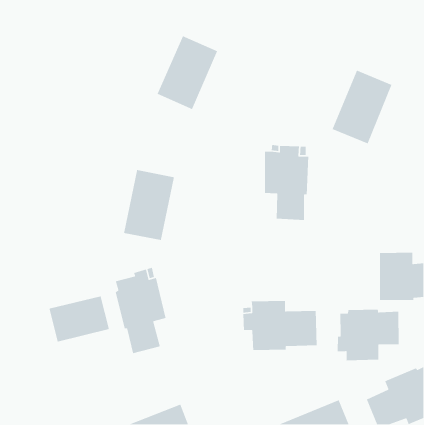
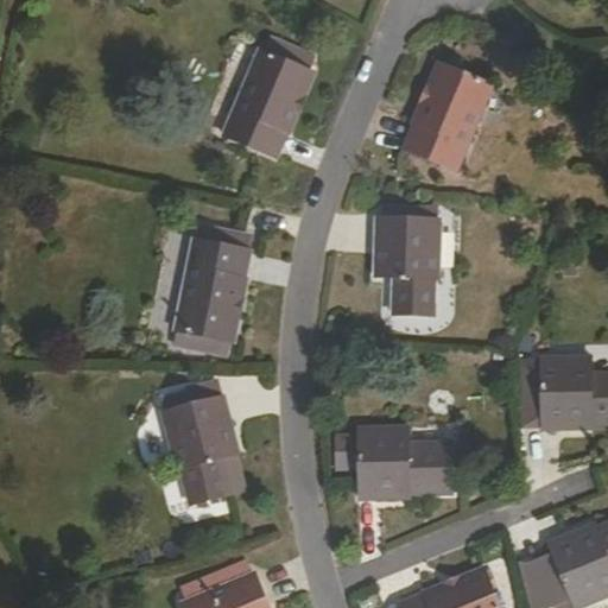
building: [332,69,392,144] -> [404,63,490,170]
building: [49,295,110,343] -> none
building: [337,309,400,361] -> none

